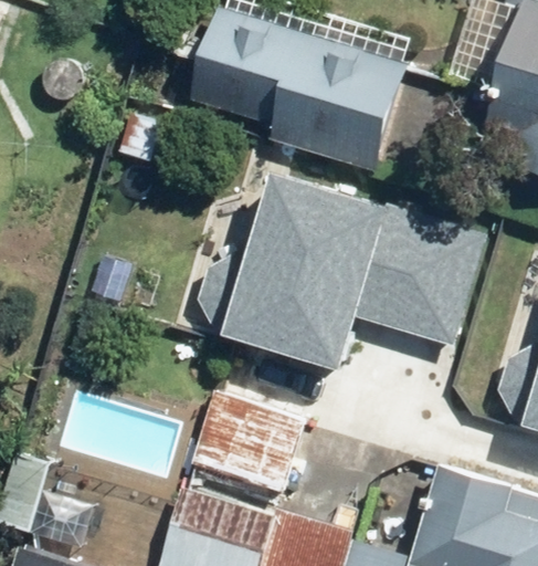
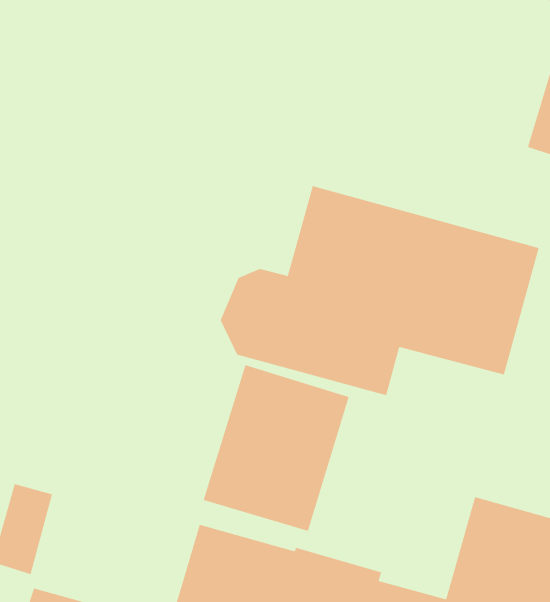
building: [190,13,404,171] -> none

